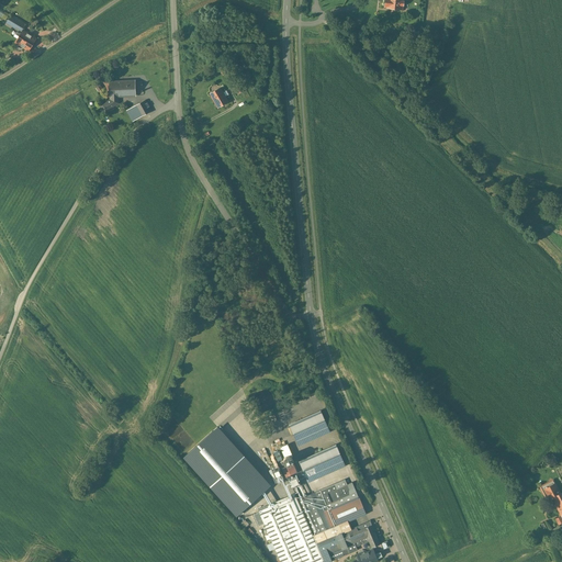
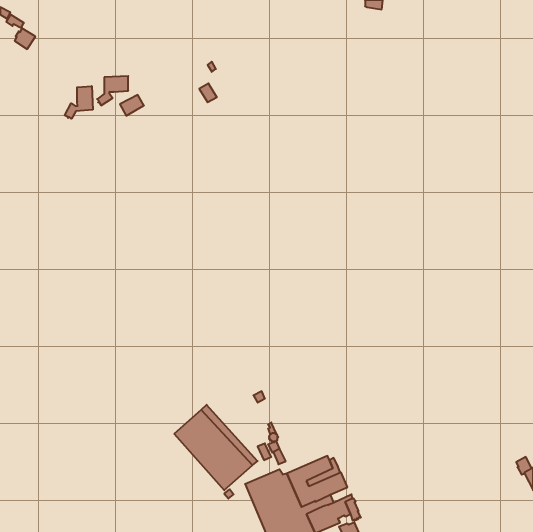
building: none -> [65,86,93,119]
building: [290,412,329,446] -> none
building: [299,446,345,482] -> none

